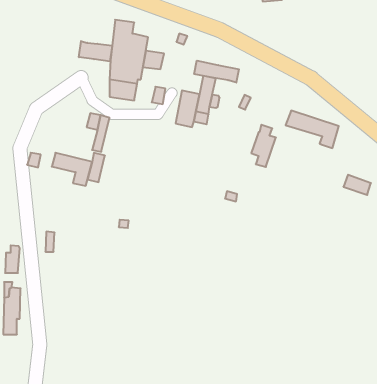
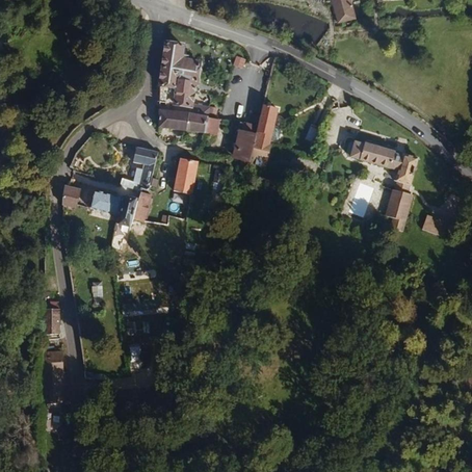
building: [79,41,112,62] -> none
building: [143,51,164,69] -> [185,112,209,133]
building: [194,61,239,83] -> none
building: none -> [172,156,198,194]
building: [251,125,276,167] -> [386,181,414,229]

